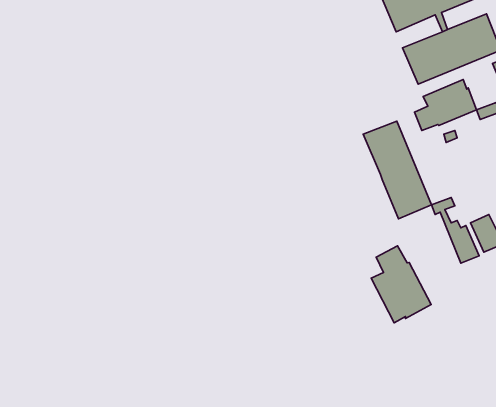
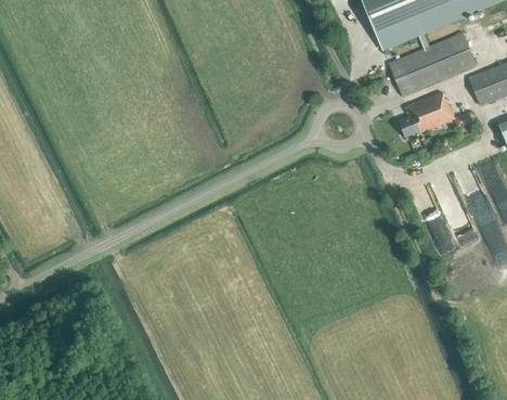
building: [363,121,432,219] -> none
building: [371,246,431,323] -> none

